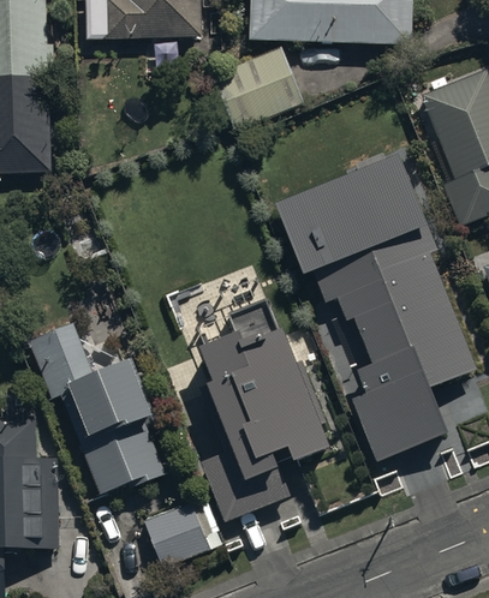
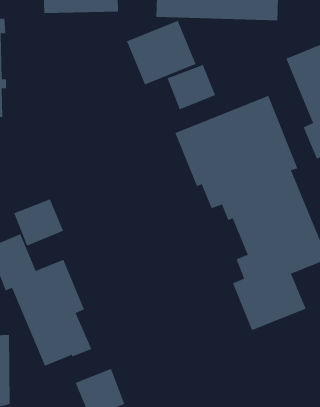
building: none -> [167,64,216,110]
building: none -> [13,199,64,247]
building: [198,300,330,521] -> none

